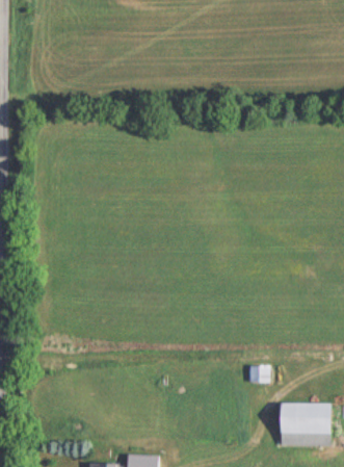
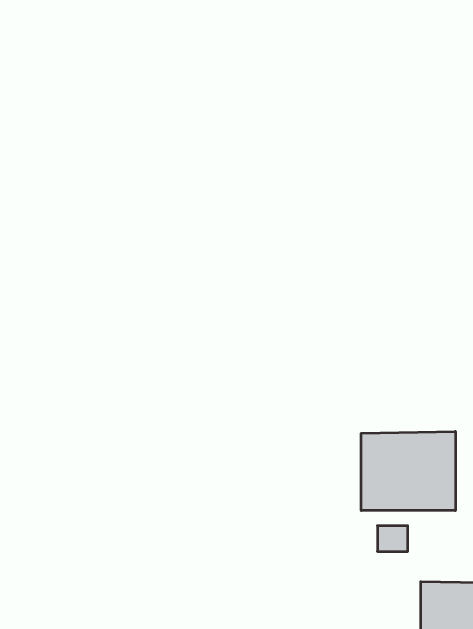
building: none -> [361,431,455,511]

